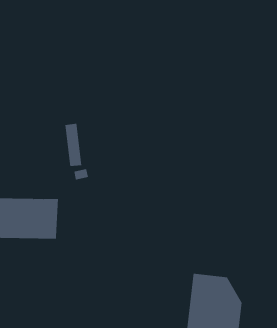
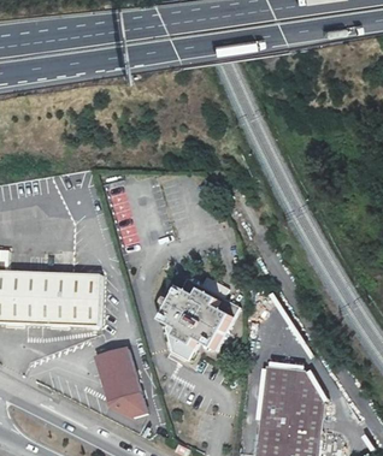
building: none -> [161,288,231,350]
building: none -> [92,344,146,416]

